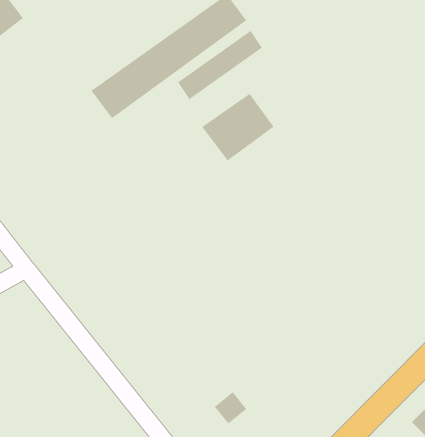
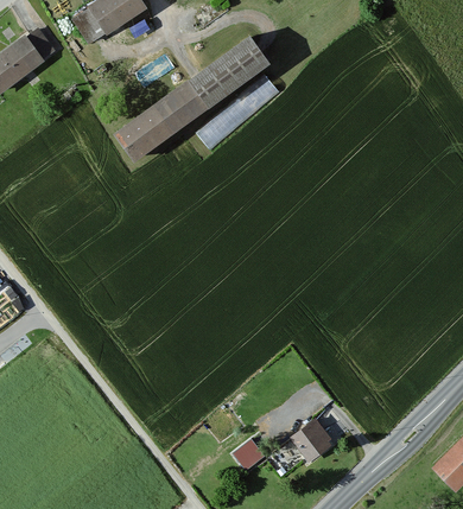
building: [201,93,275,161] -> none
building: none -> [288,418,335,465]

